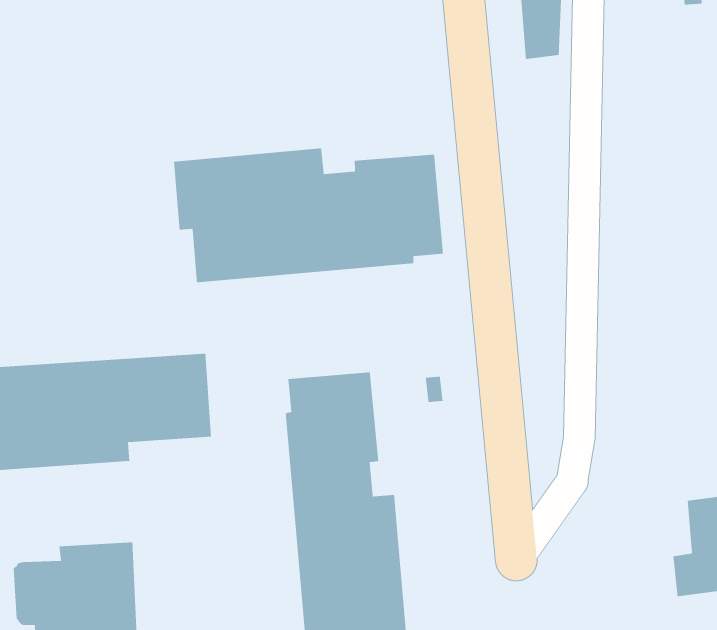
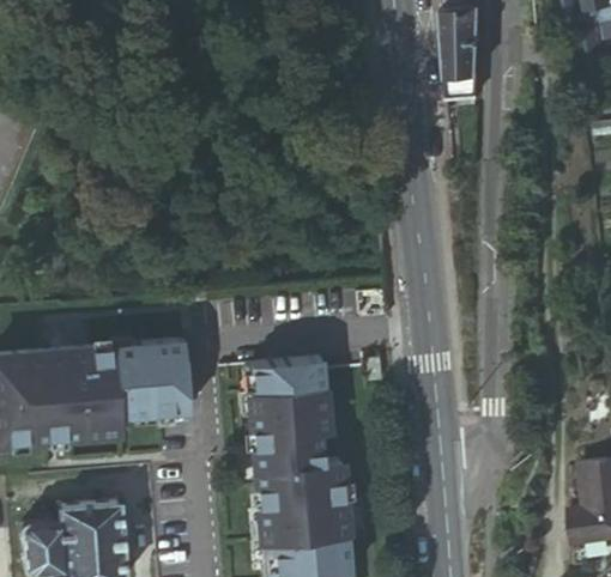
building: [173,148,444,283] -> none

